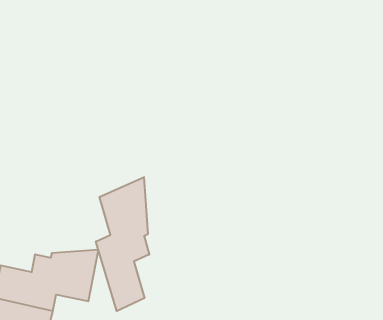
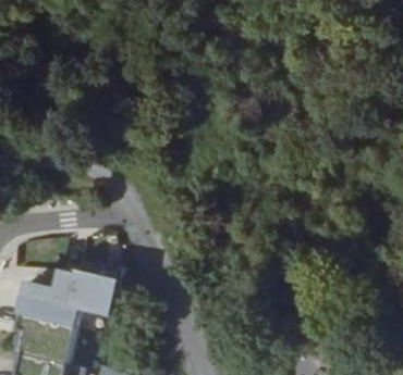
building: [96,177,149,311] -> none

